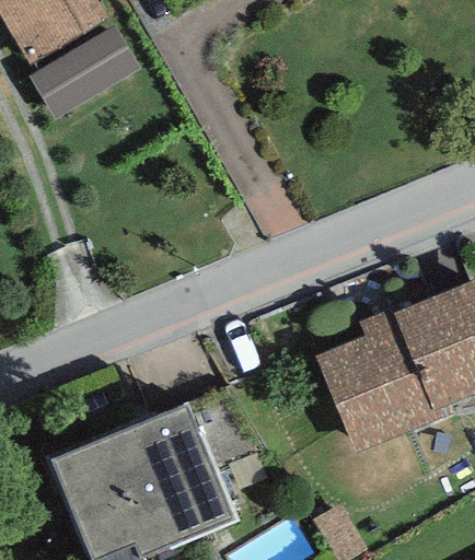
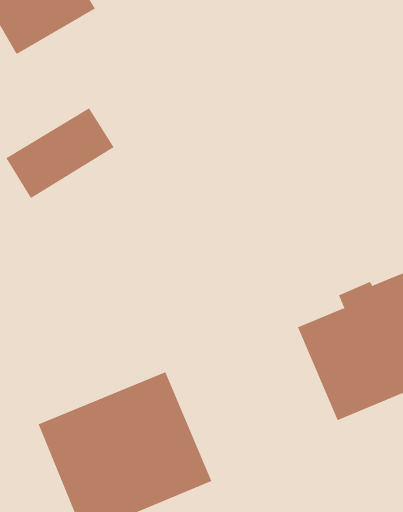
building: [32,37,142,130] -> [6,107,114,199]

